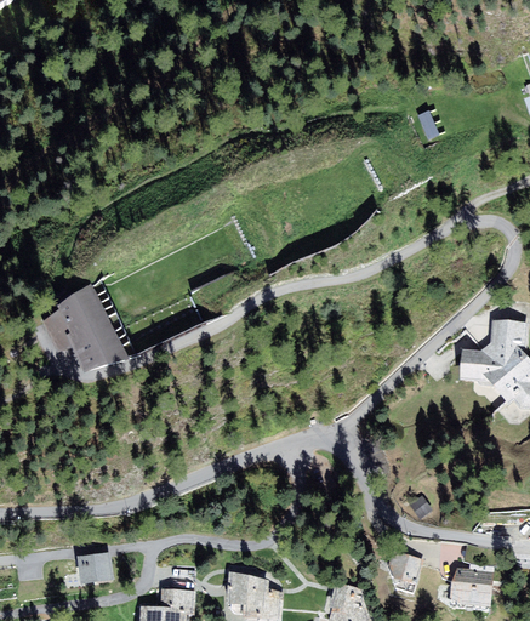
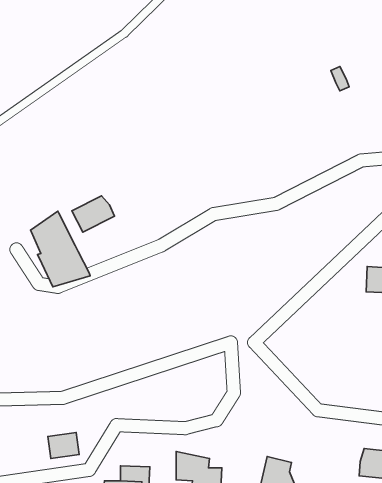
building: none -> [72,196,115,232]
building: [40,310,68,353] -> none
building: [387,554,420,587] -> none

